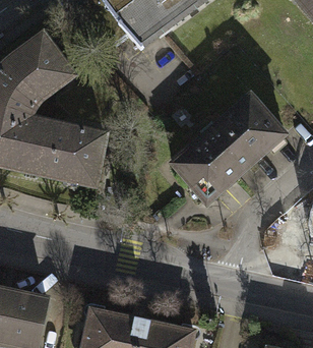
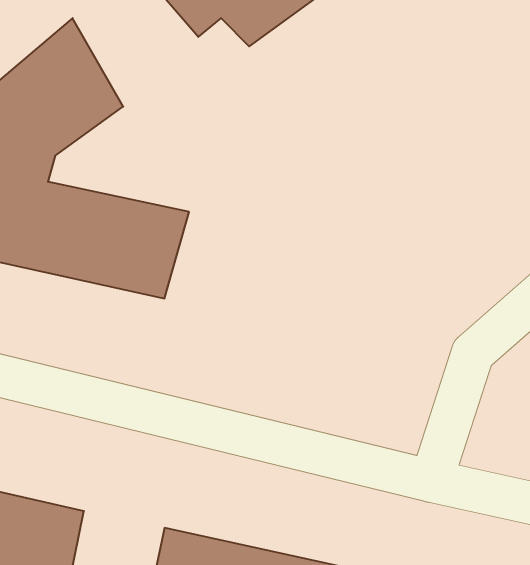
building: [173,96,283,201] -> none

